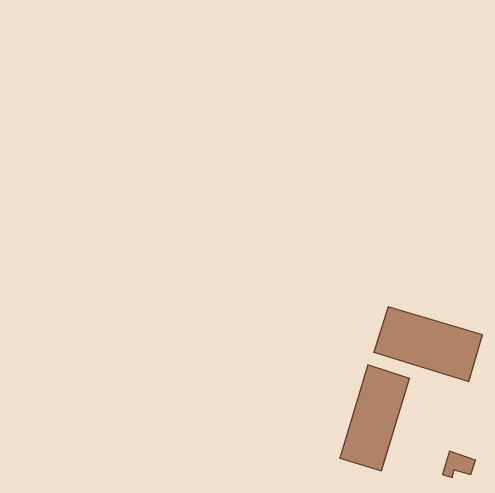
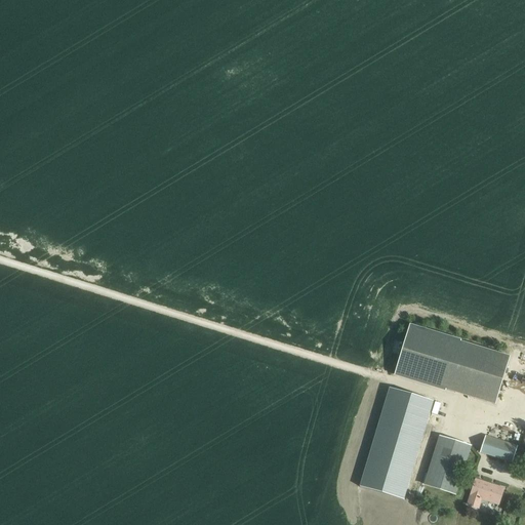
building: none -> [480,434,516,459]
building: none -> [423,436,469,492]

